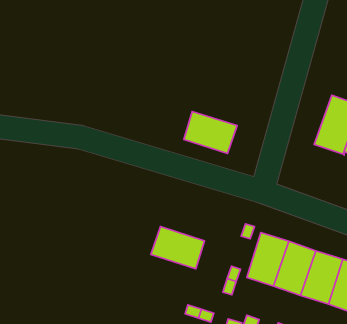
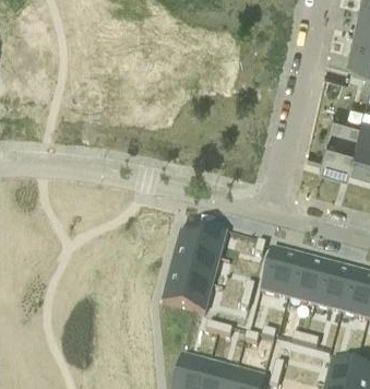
building: [184,111,237,154] -> [176,220,226,258]
building: none -> [160,274,212,313]

